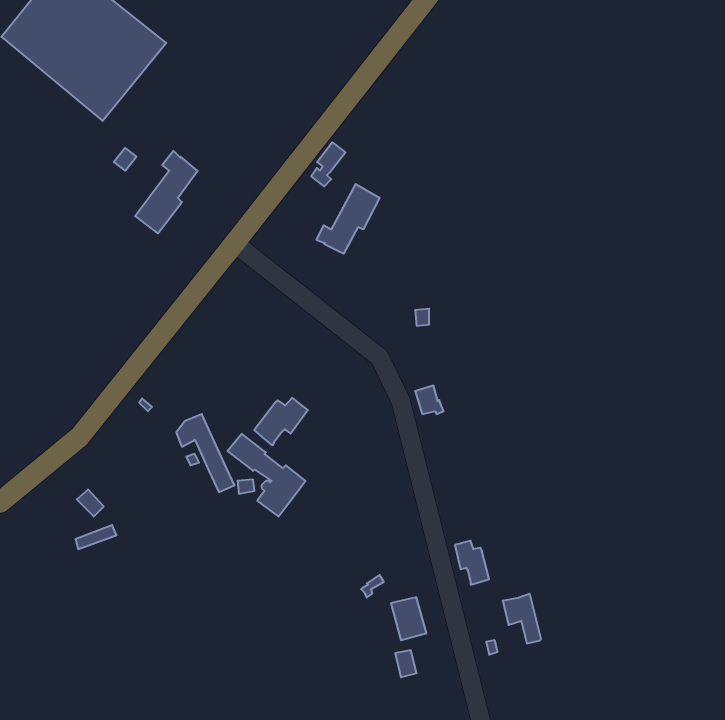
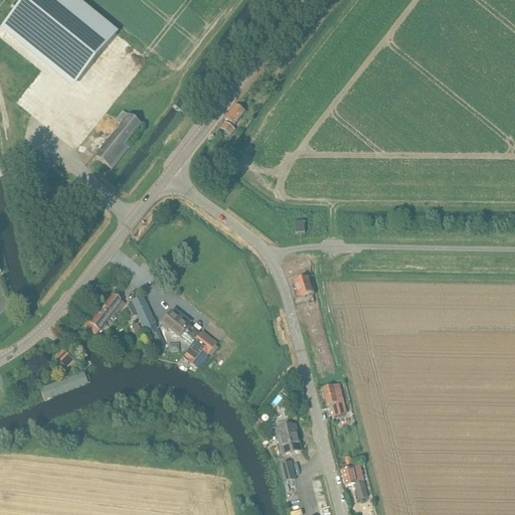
building: [317,184,380,254] -> none
building: [254,398,308,445] -> none
building: none -> [85,291,125,331]
building: [503,594,541,643] -> [341,462,368,497]

